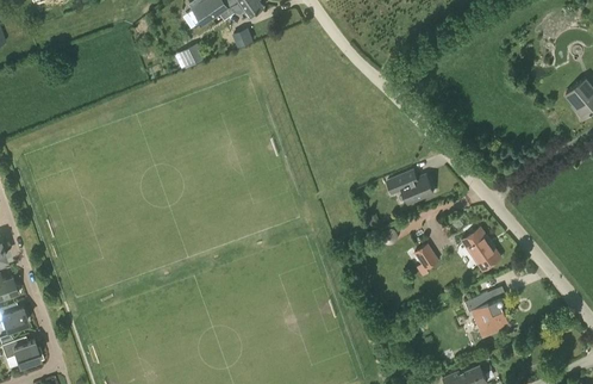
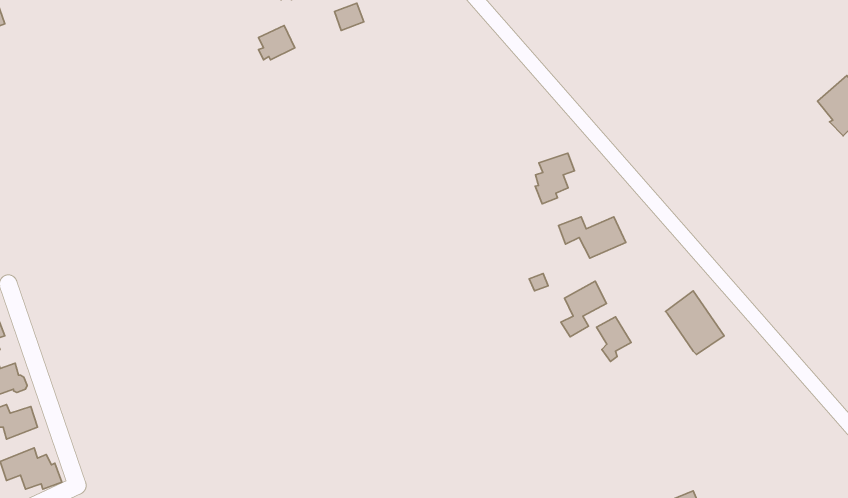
building: none -> [535,153,575,204]
building: none -> [561,281,606,337]
building: [464,293,510,335] -> none

